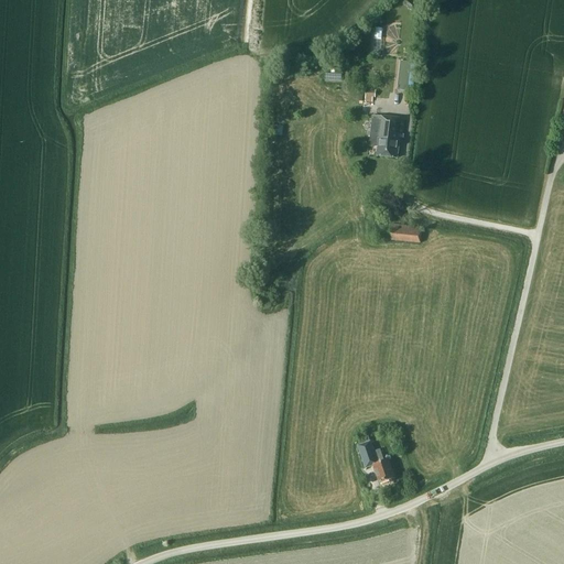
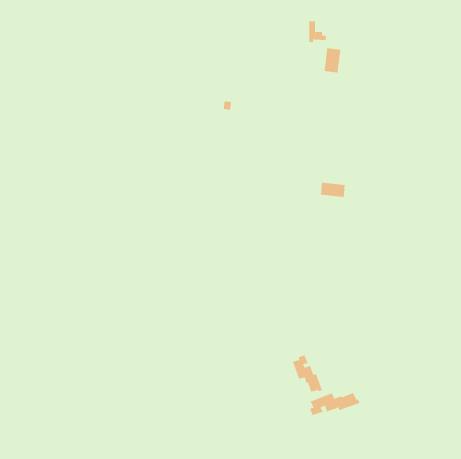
building: [369,113,404,158] -> none
building: none -> [310,392,361,416]

